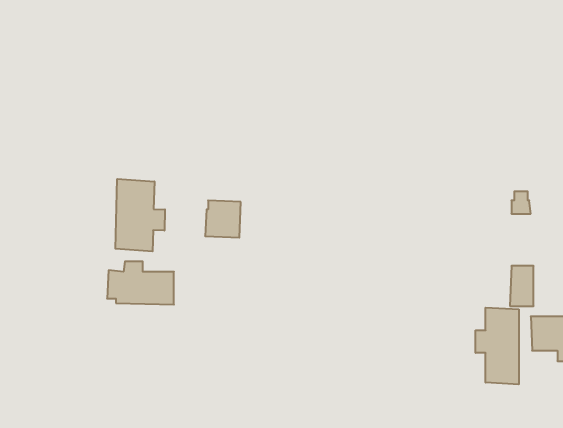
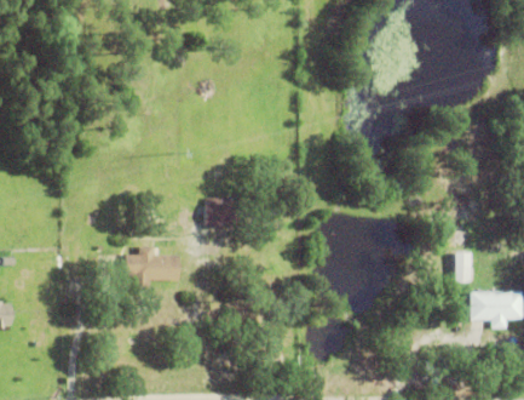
building: [115,179,165,251] -> none
building: [476,308,519,384] -> none

